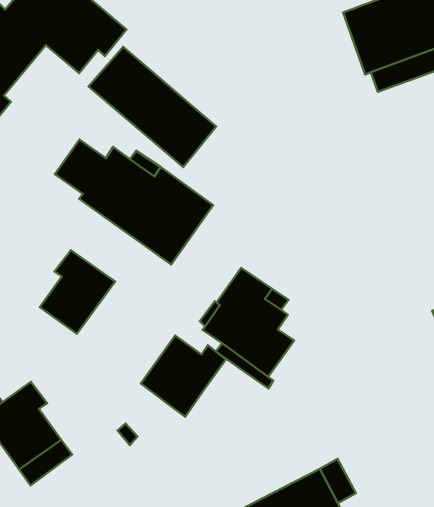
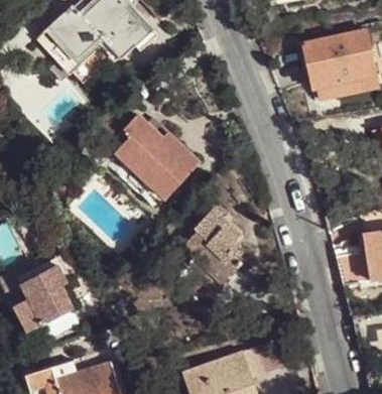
building: [88,47,216,167] -> none
building: [40,250,115,334] -> none
building: [141,335,226,417] -> none

